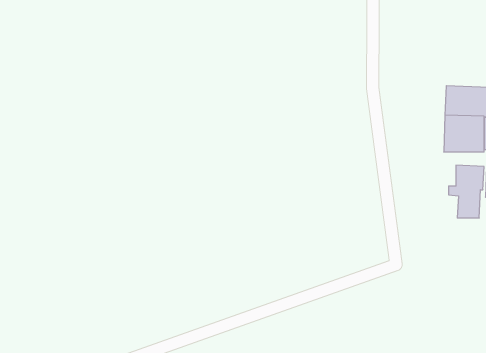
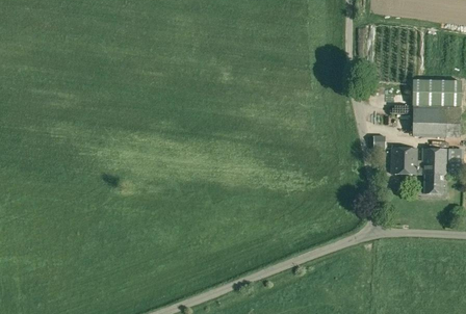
building: none -> [390,147,415,172]

